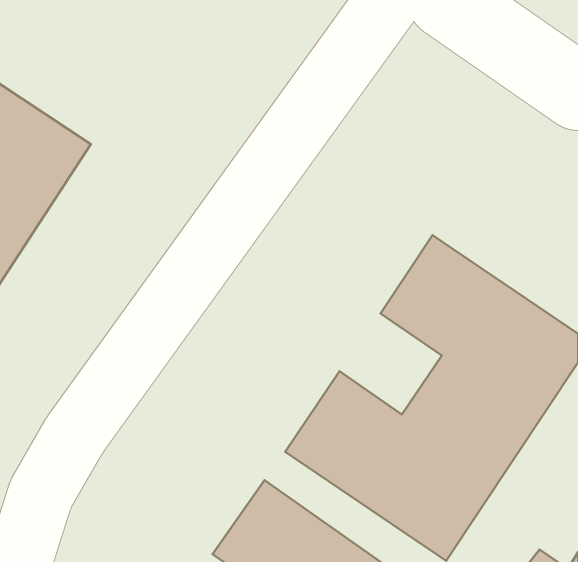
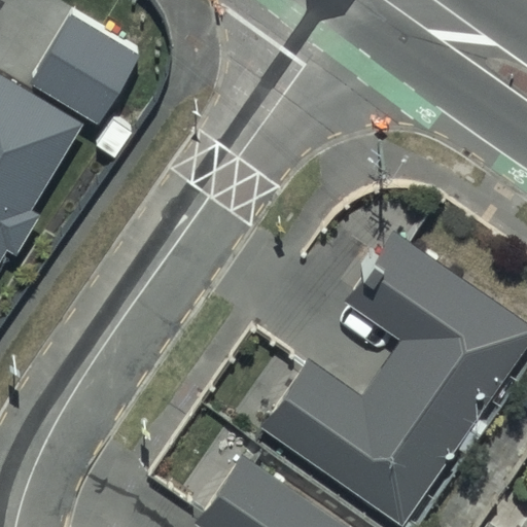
building: none -> [27,31,137,141]

